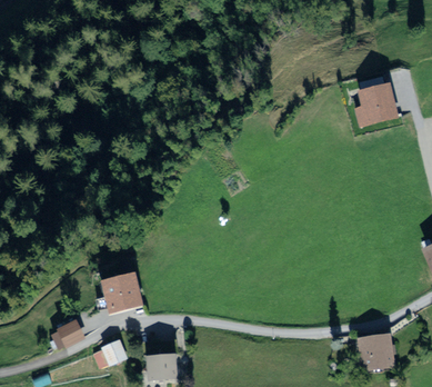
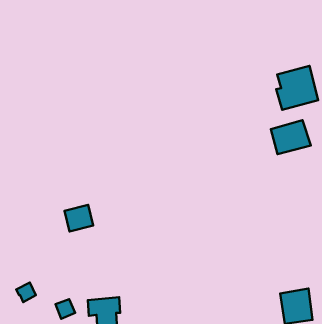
building: none -> [271,120,311,154]
building: [106,280,138,310] -> [65,205,93,231]

